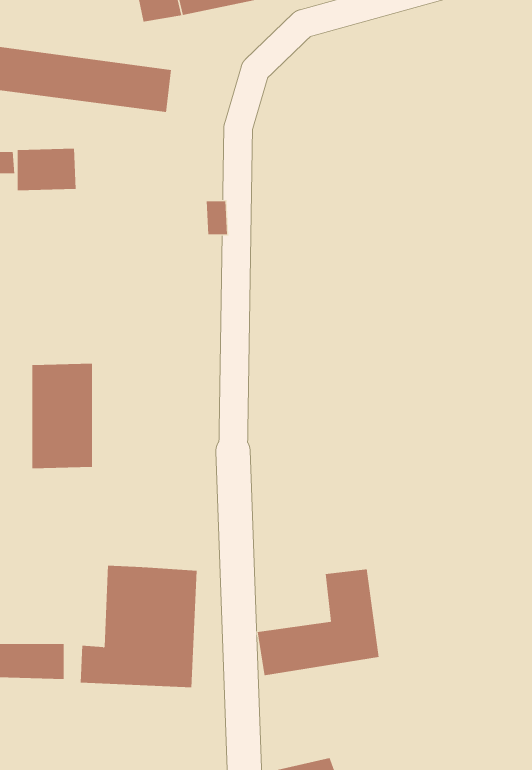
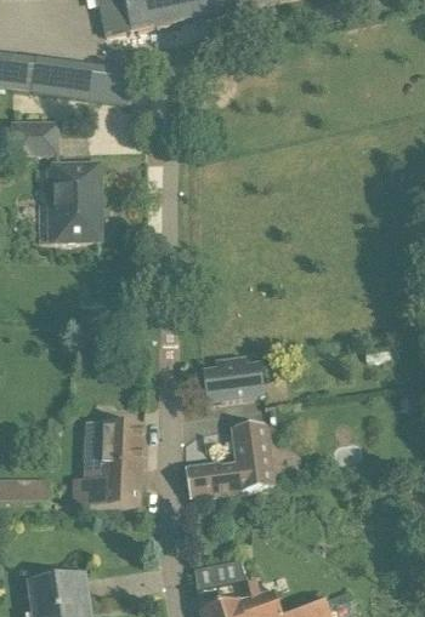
building: [32,363,93,469] -> [56,165,100,240]
building: none -> [203,355,265,402]

